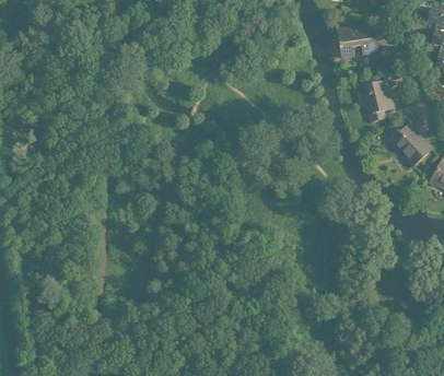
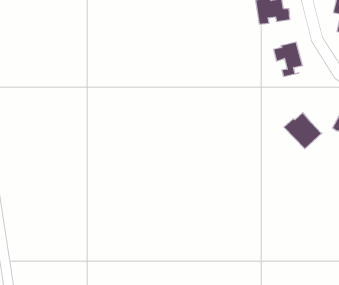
building: [385,122,431,166] -> [284,113,322,149]

